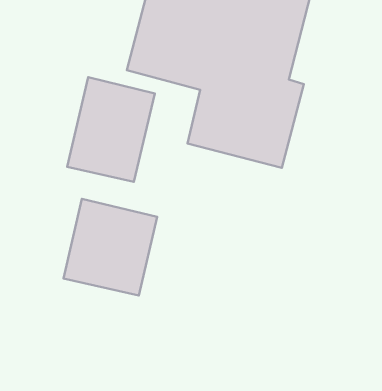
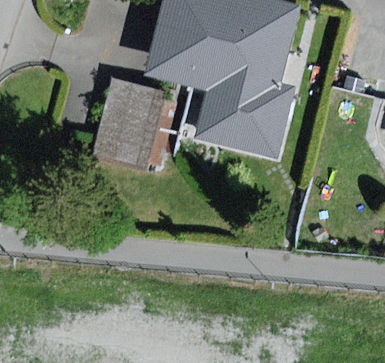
building: [63,199,157,295] -> none

